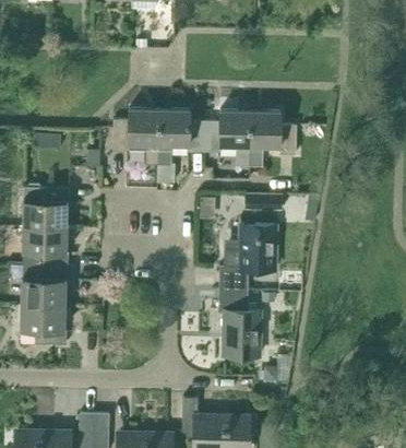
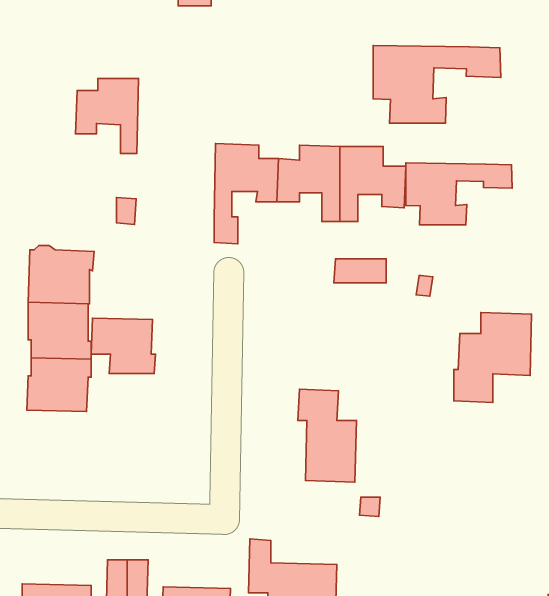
building: none -> [373,46,501,123]
building: [112,108,158,163] -> [76,79,138,153]
building: none -> [406,163,512,225]
building: [219,223,276,288] -> [454,313,532,402]
building: [20,303,67,343] -> [91,318,156,374]

